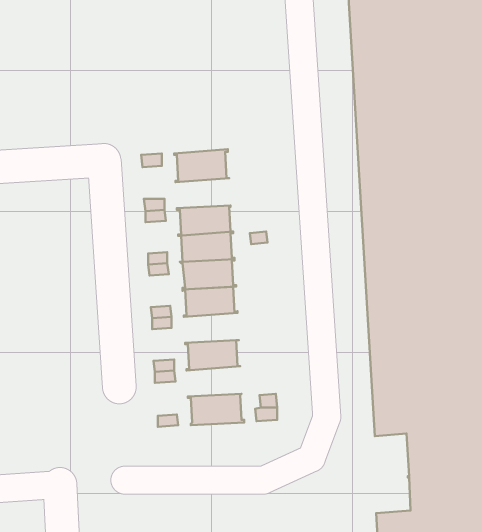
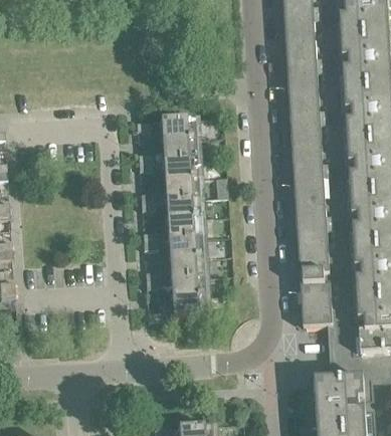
building: none -> [160,136,200,158]
building: none -> [166,234,206,256]
building: none -> [168,273,208,295]

